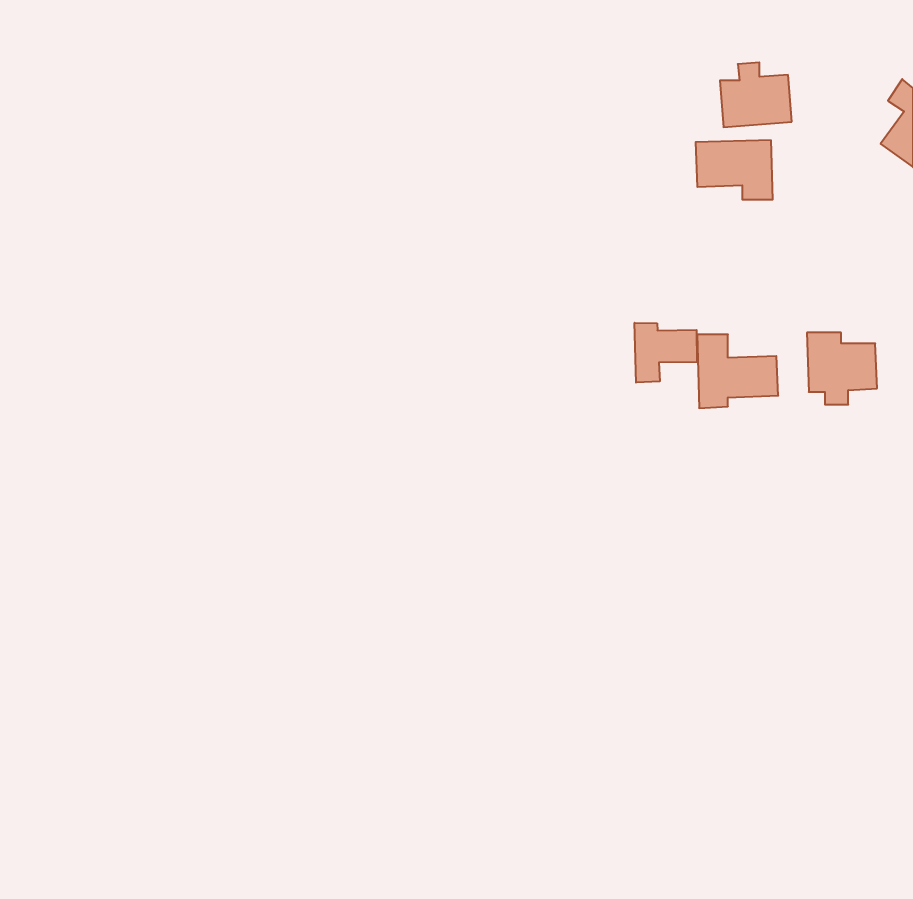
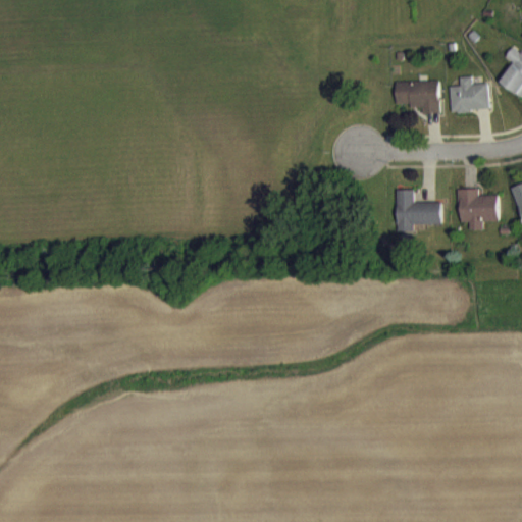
building: [720,62,792,127] -> [448,75,488,112]
building: [635,323,697,383] -> none

